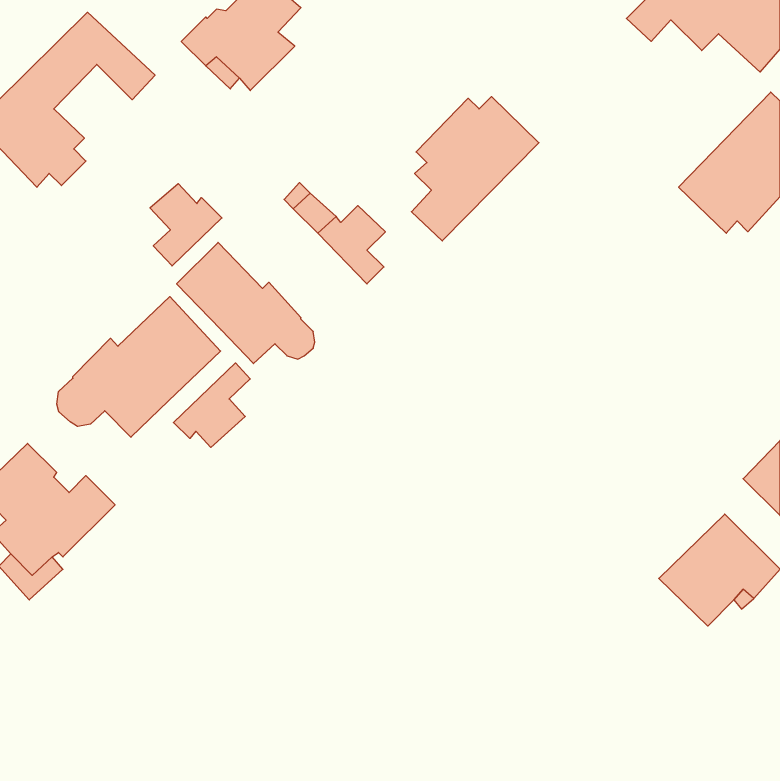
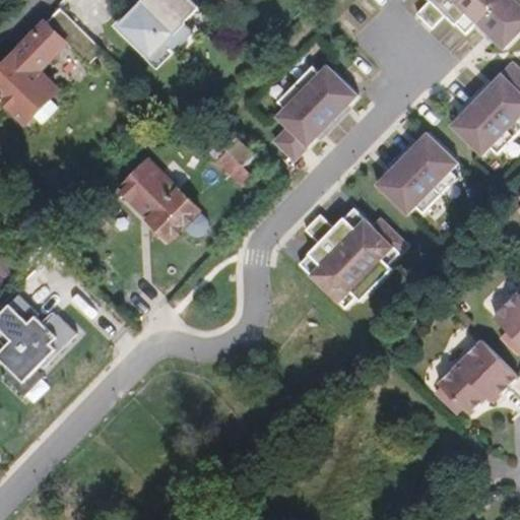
building: [150,184,222,266] -> none
building: none -> [375,131,456,213]
building: [57,297,221,437] -> none
building: none -> [298,206,405,308]
building: [173,363,250,447] -> none

